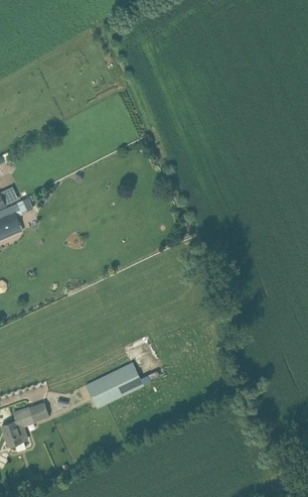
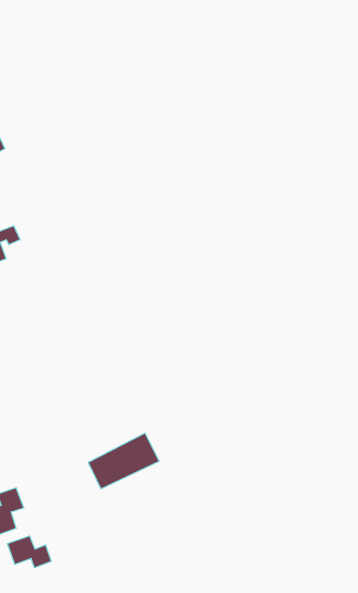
building: none -> [8,536,51,568]

